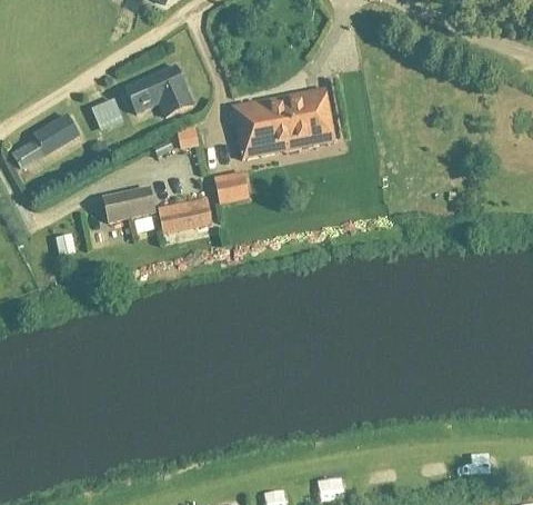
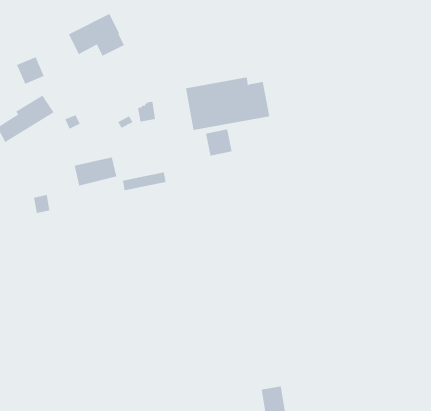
building: [125,65,192,116] -> [68,13,125,57]
building: [91,95,124,128] -> [16,56,45,85]
building: [214,169,247,201] -> [205,129,233,156]

